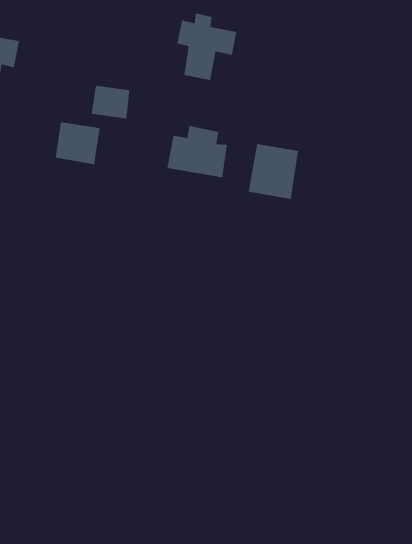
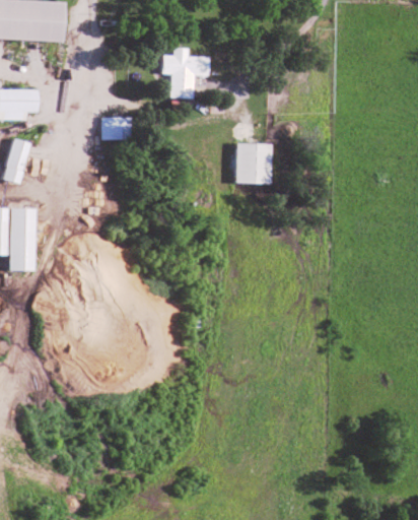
building: [55,122,100,165] -> none
building: [167,125,228,178] -> none

